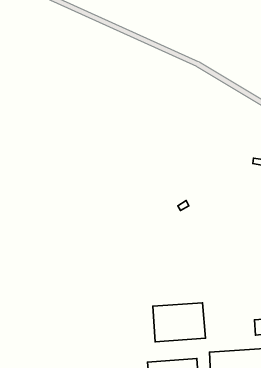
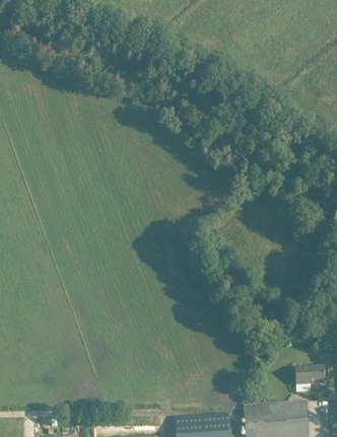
building: [153,303,205,342] -> none

